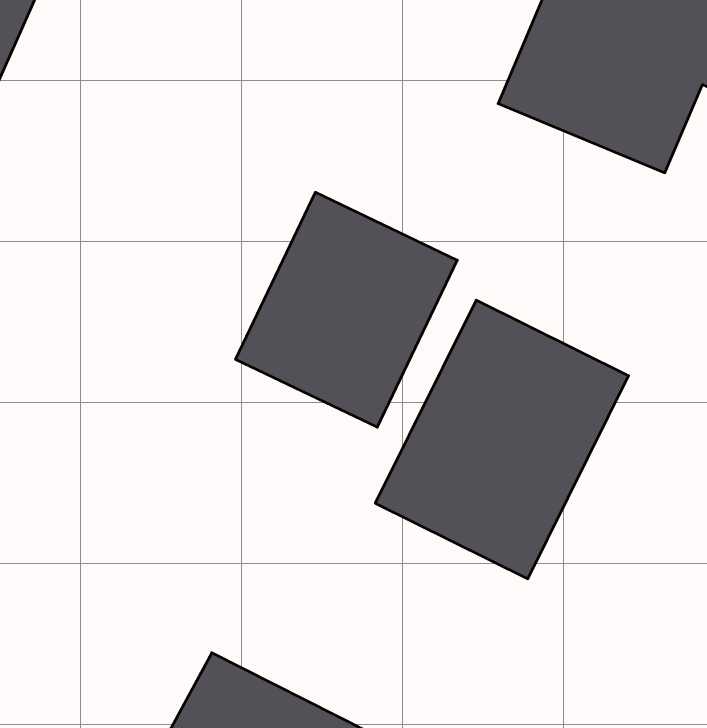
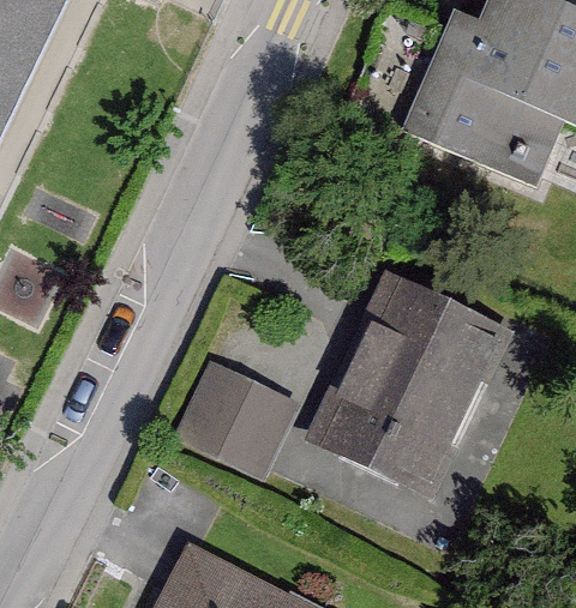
building: [236,192,457,427] -> none
building: none -> [175,367,288,474]

